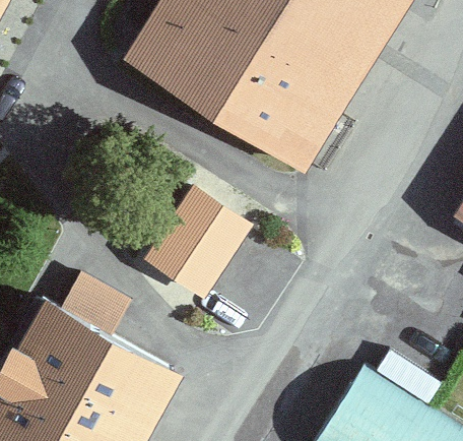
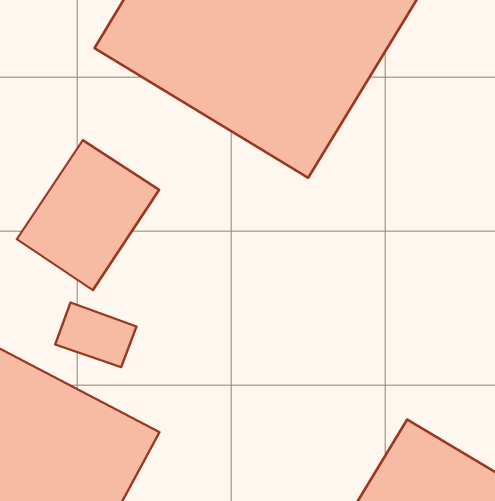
building: [156,175,270,295] -> [17,140,159,290]

